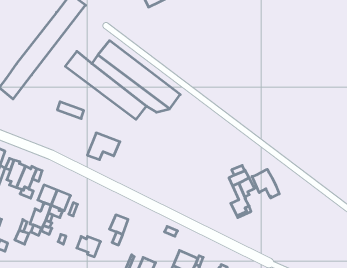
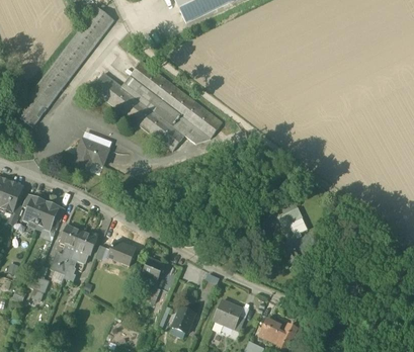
building: [87,133,120,160] -> [72,139,109,169]
building: [252,169,279,198] -> none
building: [77,236,101,257] -> [107,242,135,265]

